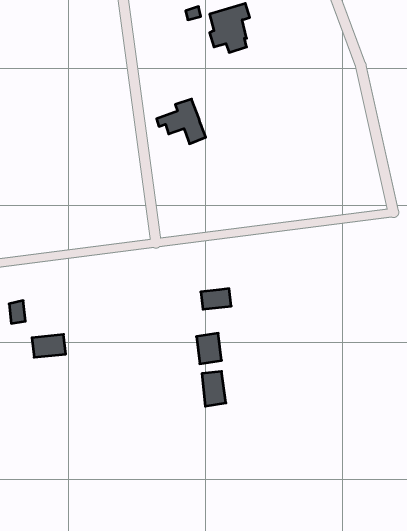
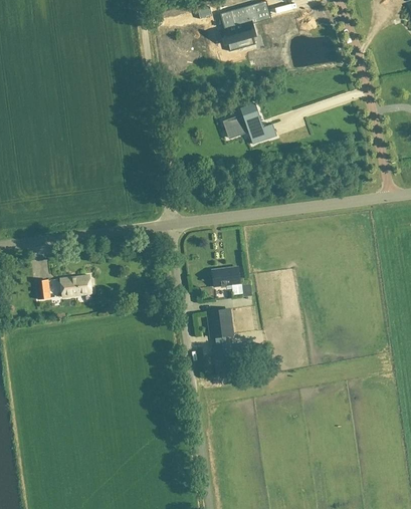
building: [157,99,206,144] -> [223,103,268,145]
building: [32,334,66,357] -> [60,275,91,296]

